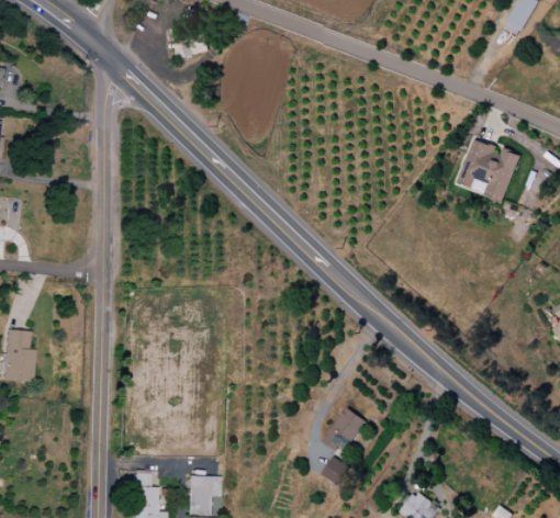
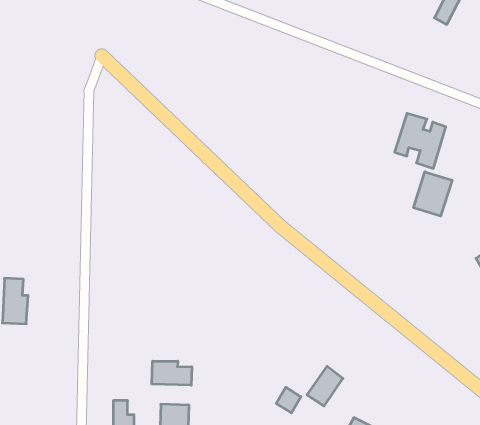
building: none -> [414,172,452,216]
building: [324,406,366,452] -> [307,366,343,406]
building: none -> [152,361,192,385]

